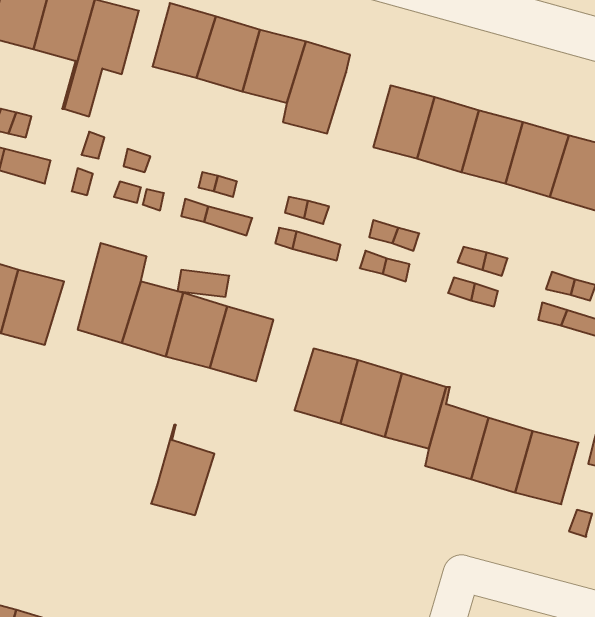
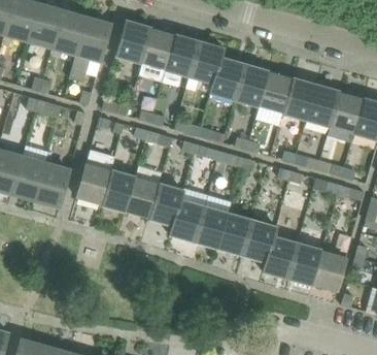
building: none -> [210,58,244,98]
building: [151,425,214,515] -> [169,191,203,239]

